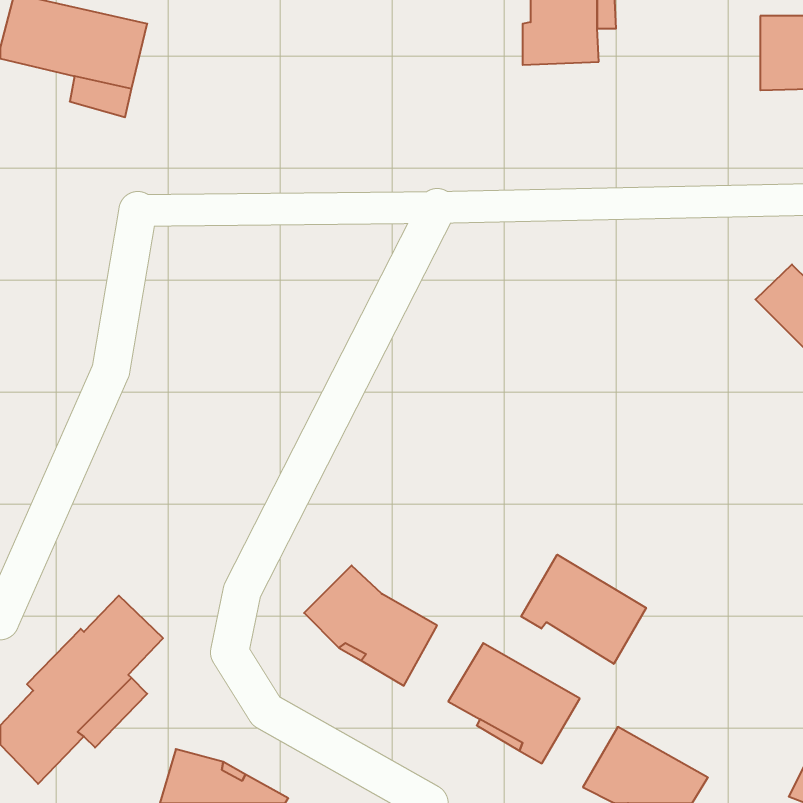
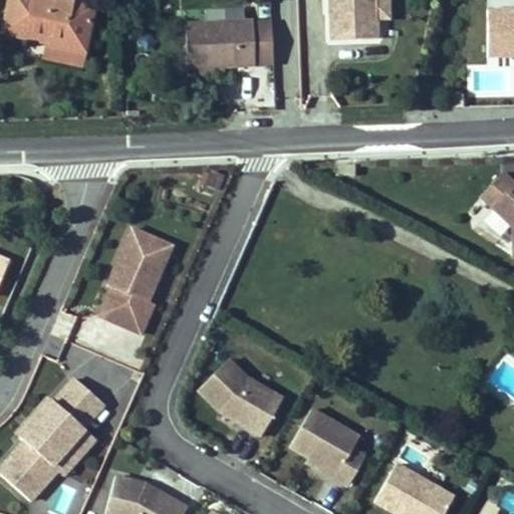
building: none -> [187,21,277,71]
building: none -> [103,220,177,326]
building: [521,555,646,664] -> none

